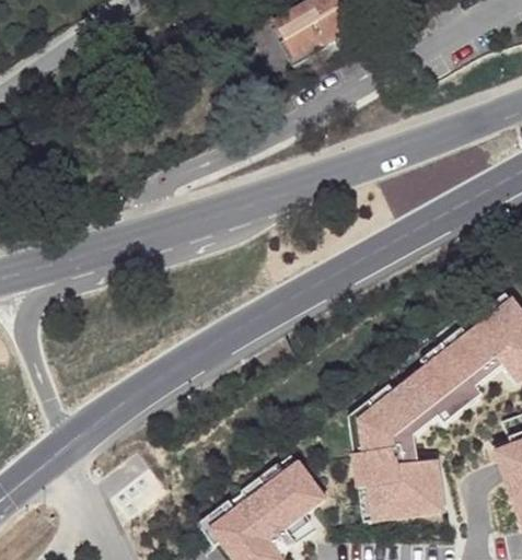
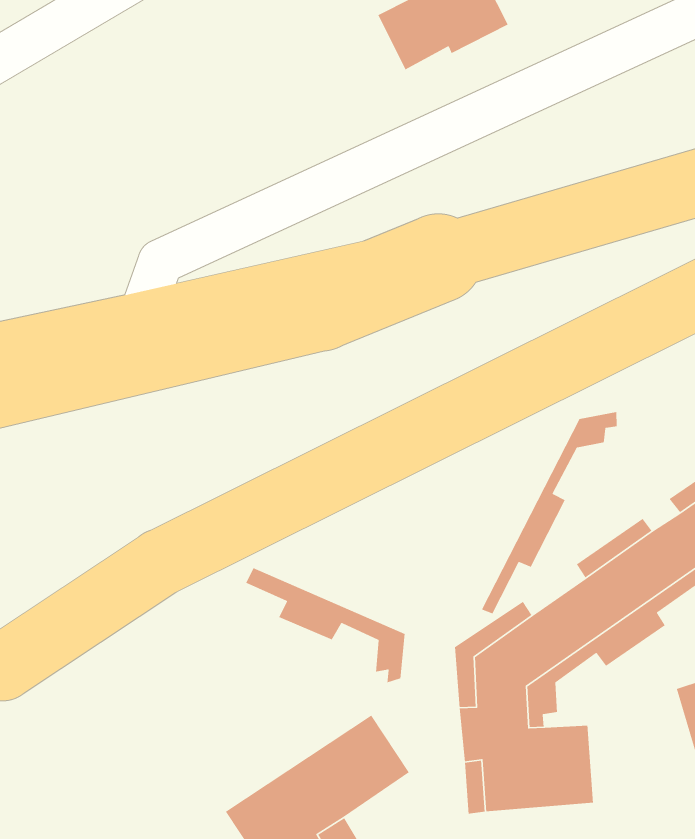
building: none -> [481,411,617,614]
building: none -> [245,567,405,684]

